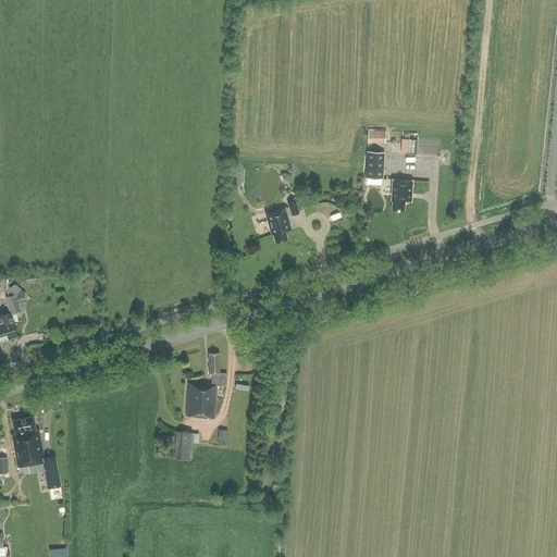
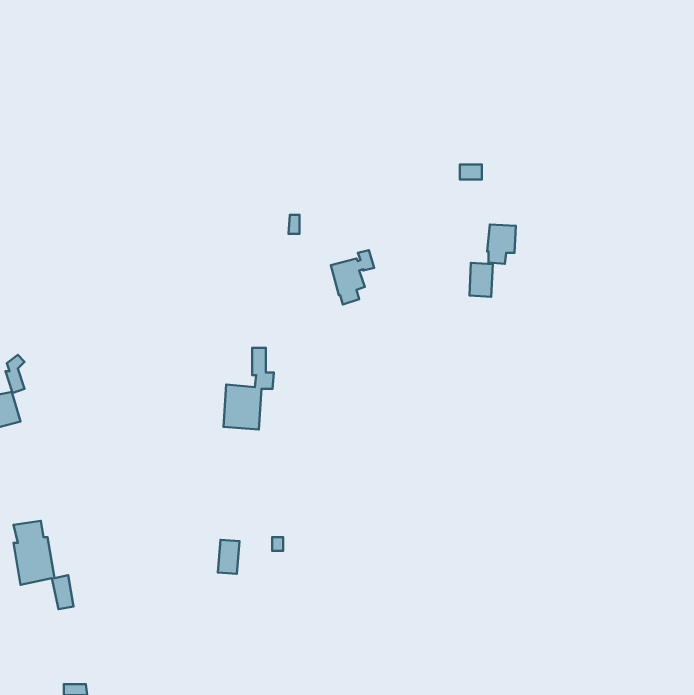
building: [364,152,383,180] -> [470,263,493,297]
building: [185,354,225,419] -> [224,348,274,429]

